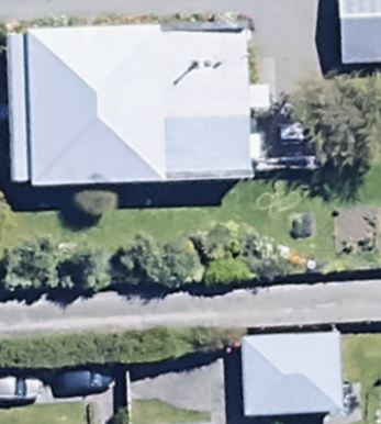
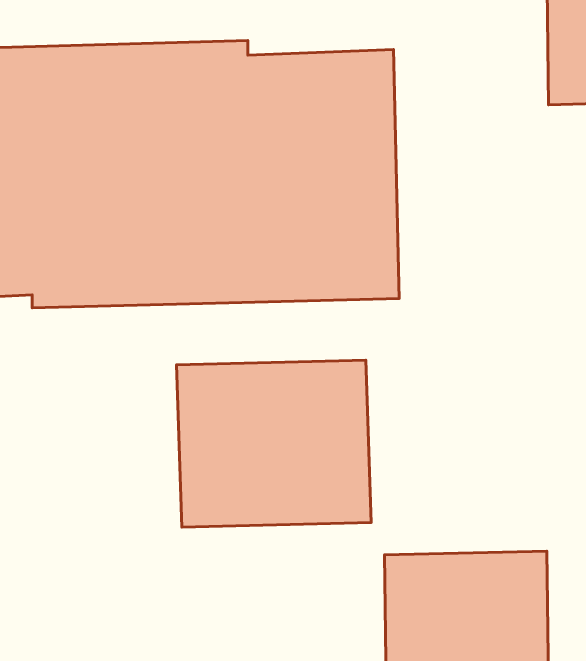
building: none -> [177,360,371,527]

